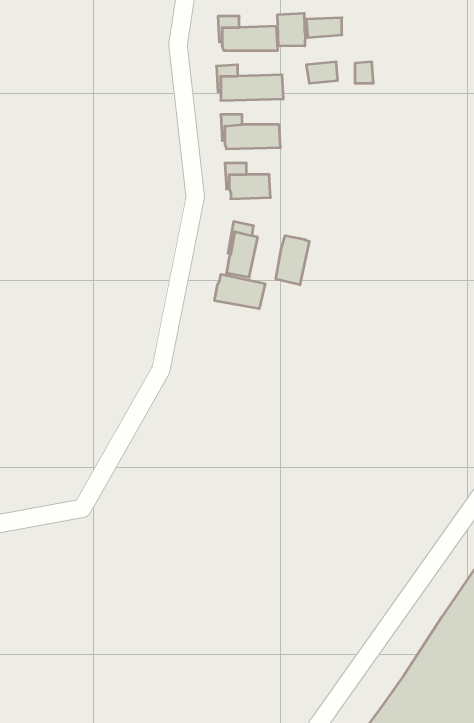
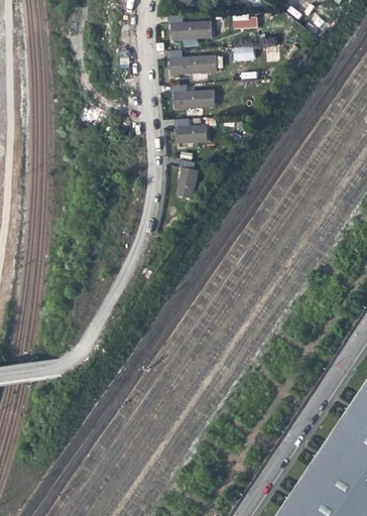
building: [278,13,305,46] -> none
building: [276,236,309,285] -> none
building: [215,274,265,309] -> none

